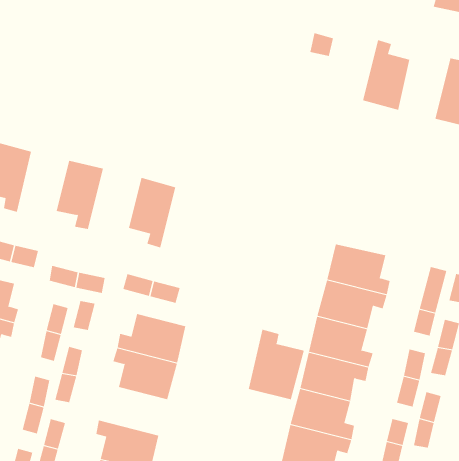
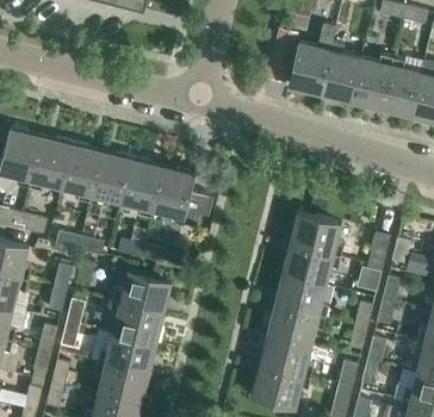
building: none -> [289,25,336,93]
building: none -> [351,54,393,108]
building: none -> [30,136,73,189]
building: none -> [89,150,134,205]
building: none -> [150,166,204,226]
building: [248,329,305,400] -> none
building: none -> [98,334,156,374]

